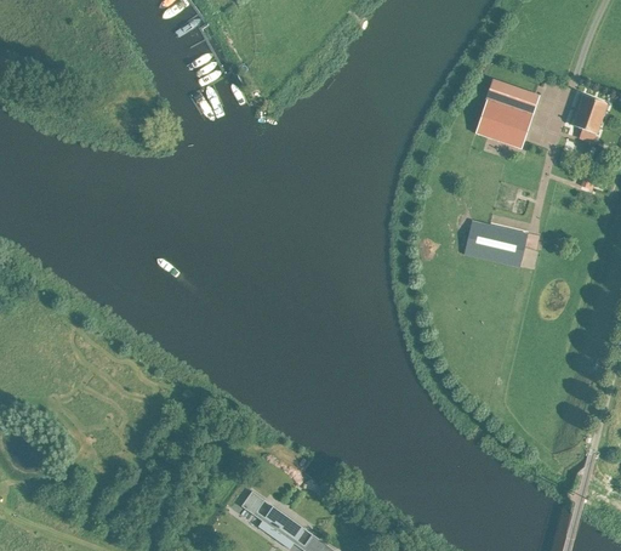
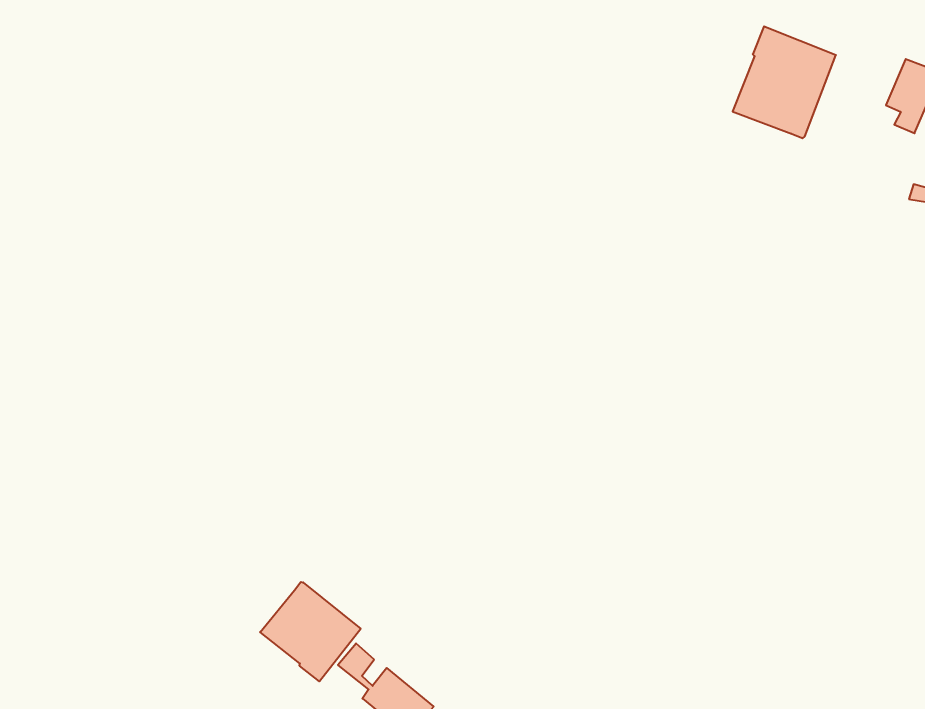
building: [465,220,528,266] -> none
building: none -> [260,582,361,681]

